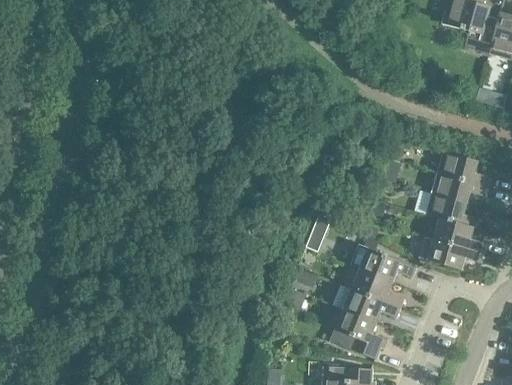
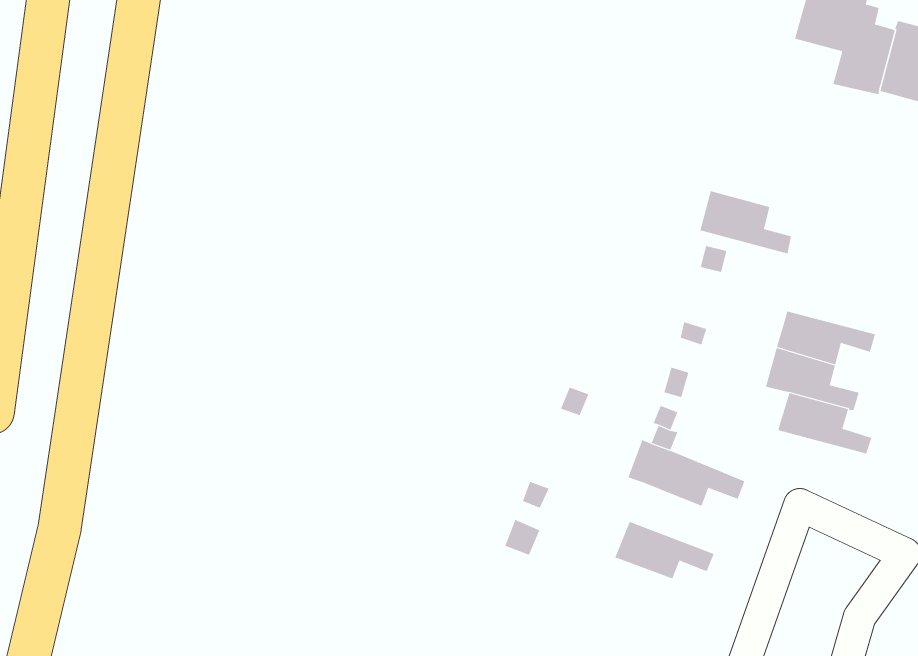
building: [438,151,489,186] -> [699,191,792,254]
building: [418,236,482,269] -> none
building: [351,268,402,307] -> none
building: [330,309,386,358] -> none

